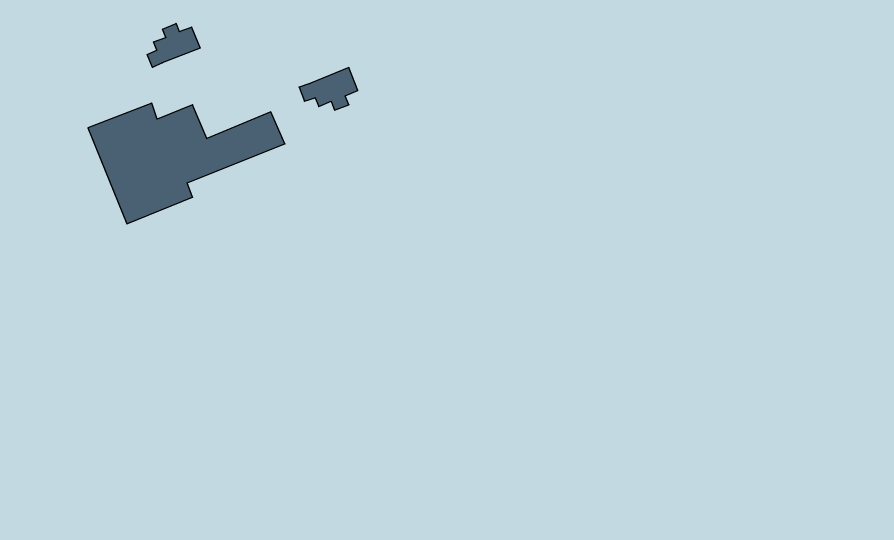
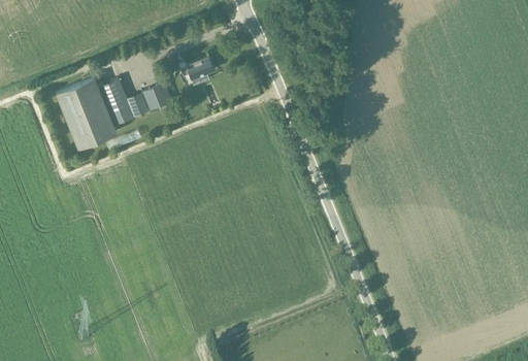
building: [147,23,200,67] -> none

